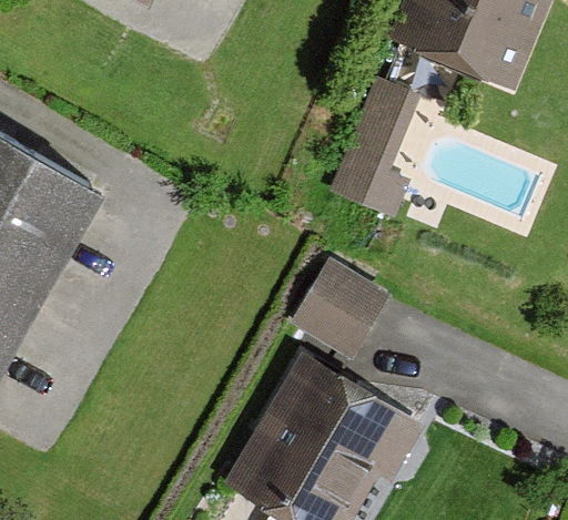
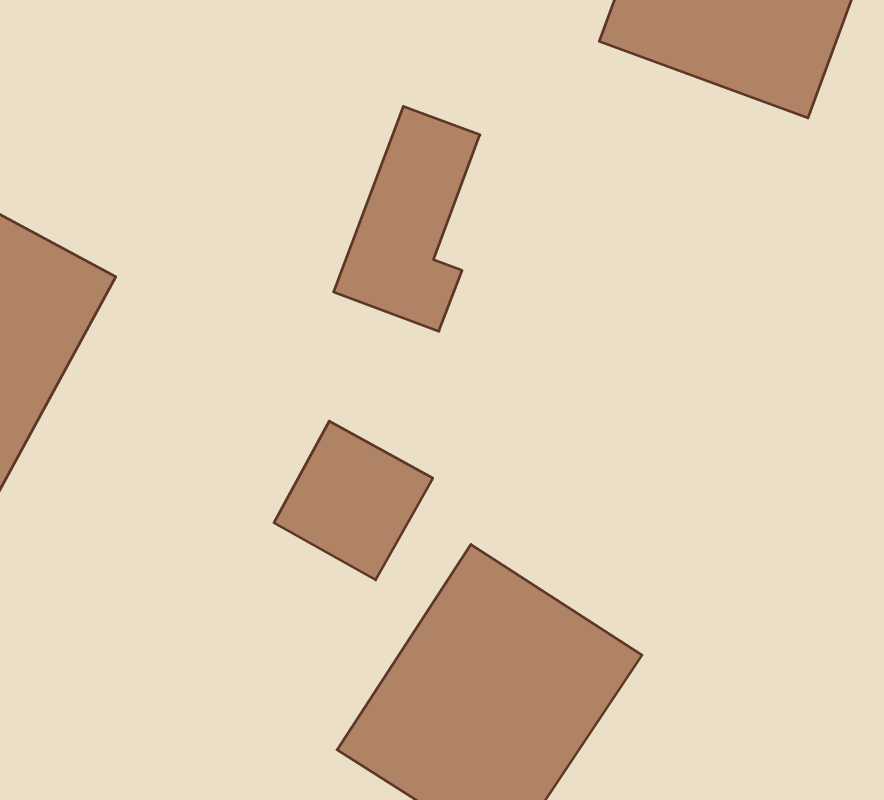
building: [335,62,426,202] -> [334,106,480,331]
building: [290,262,388,360] -> [274,421,433,580]

